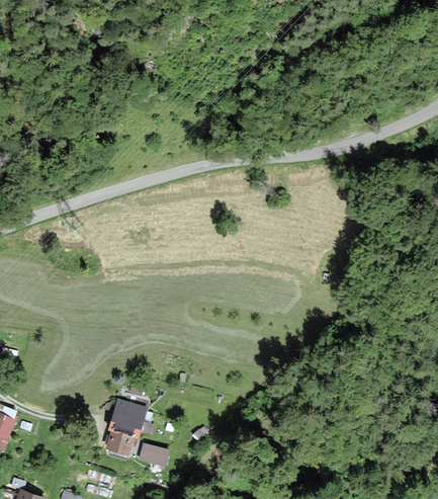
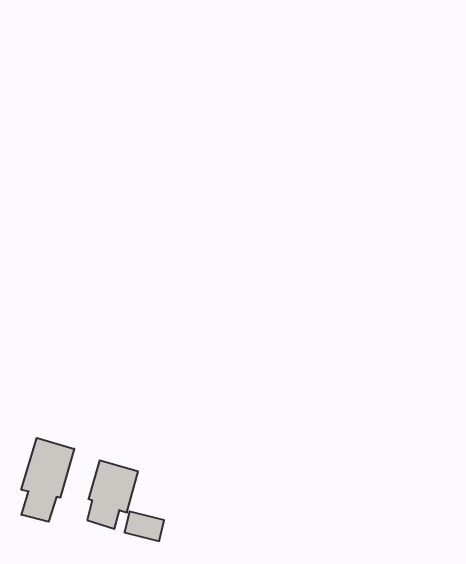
building: none -> [21,438,74,522]

